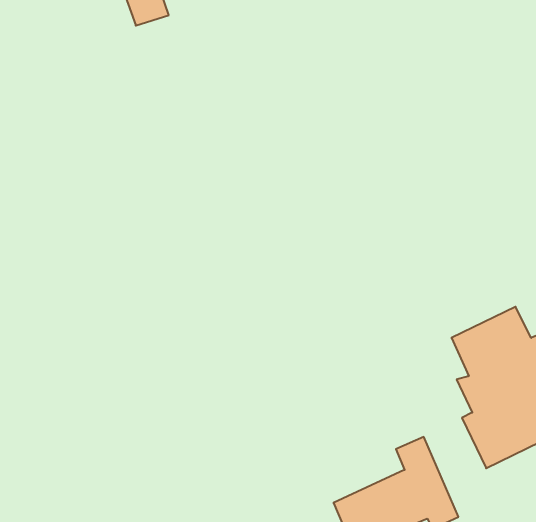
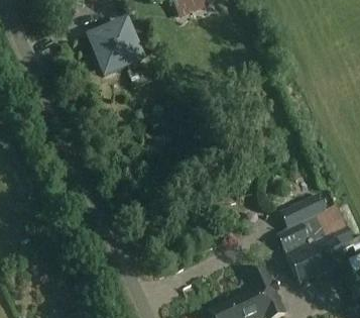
building: none -> [88,18,142,73]

